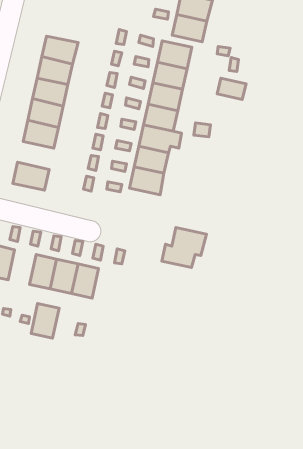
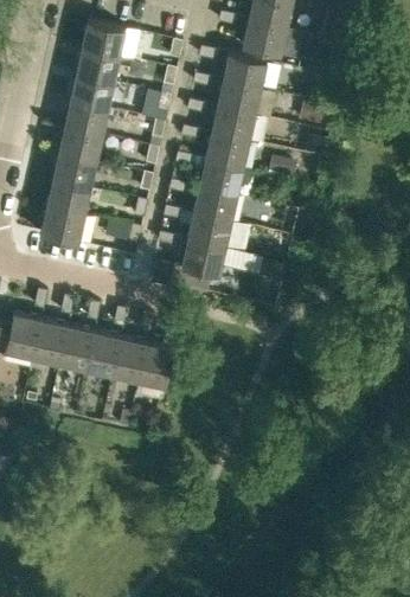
building: none -> [82,21,128,57]
building: none -> [45,182,91,218]
building: [162,228,207,268] -> [169,242,226,293]
building: none -> [140,344,175,387]
building: [31,304,59,338] -> [33,320,69,364]

